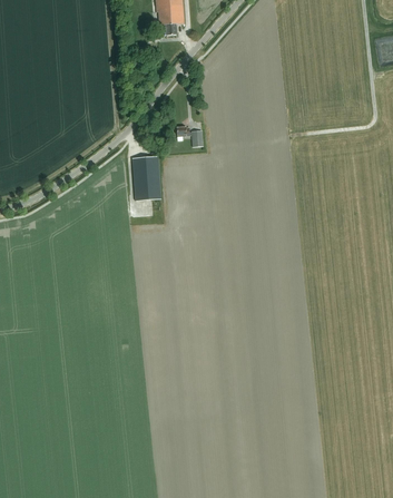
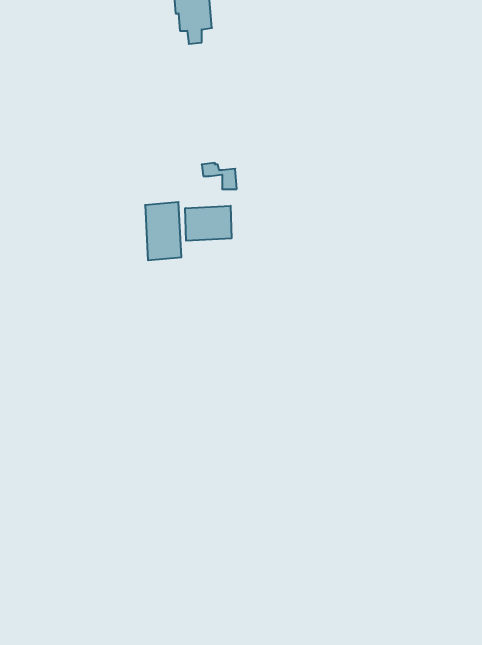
building: none -> [185,206,231,241]

